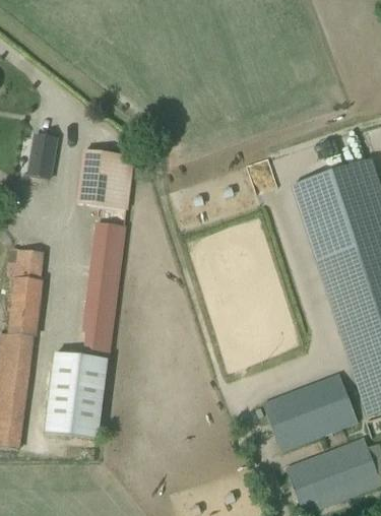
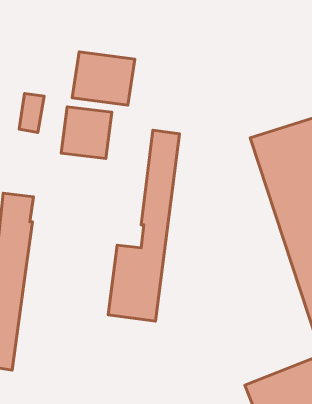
building: none -> [72,52,135,105]
building: [44,221,125,439] -> [108,130,180,321]
building: [262,373,356,451] -> none

